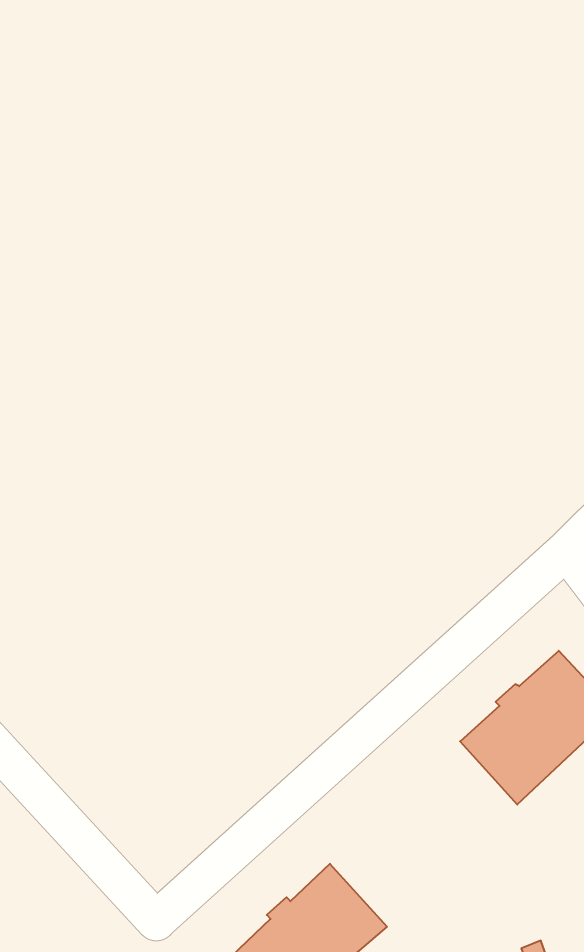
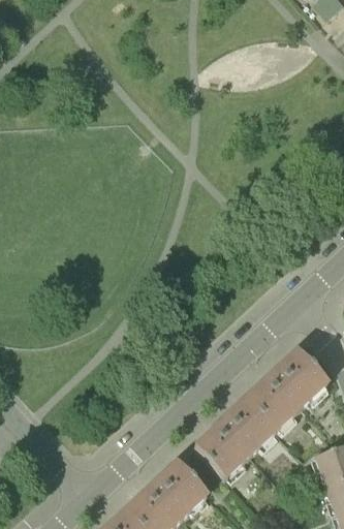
building: none -> [193,398,275,478]

